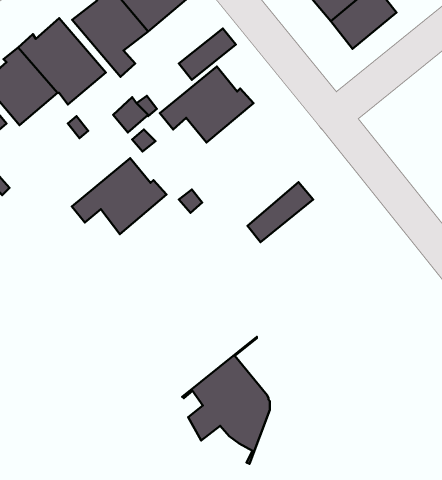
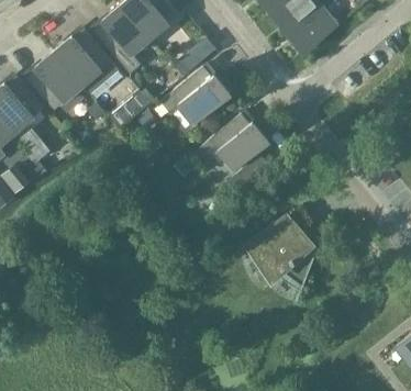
building: [72,158,167,234] -> [197,113,268,170]
building: [182,337,270,464] -> [247,204,313,300]

